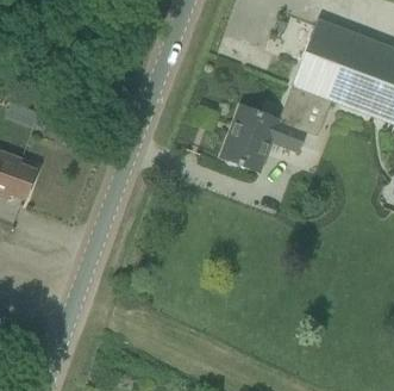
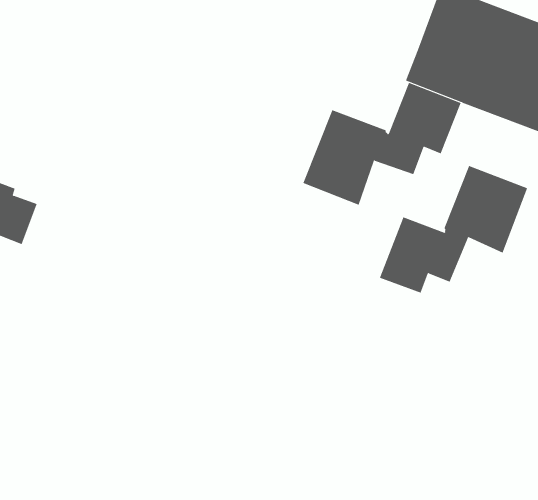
building: none -> [379,165,528,294]

